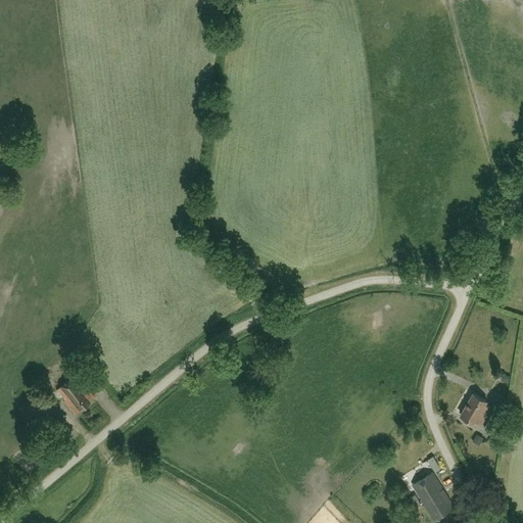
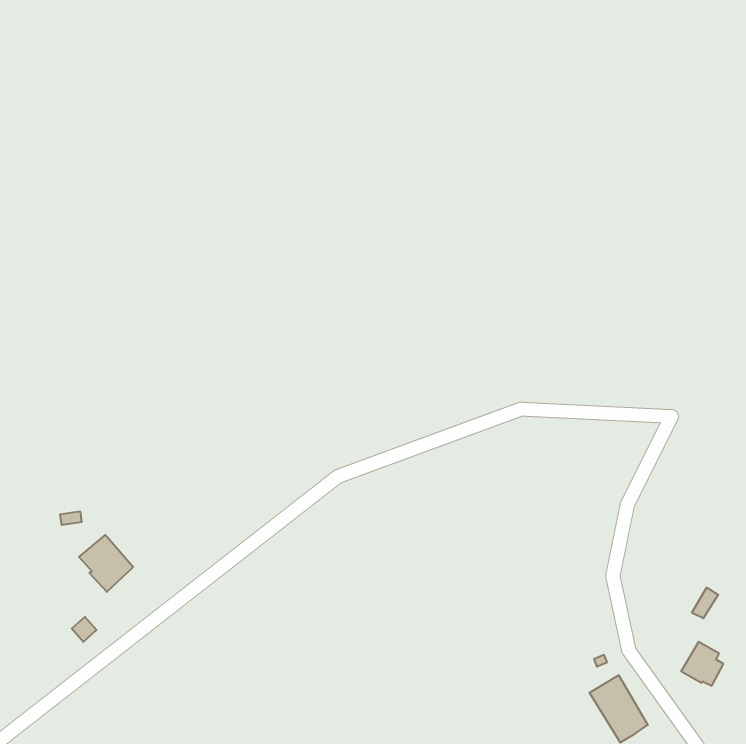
building: [460,395,489,426] -> [681,642,723,686]

